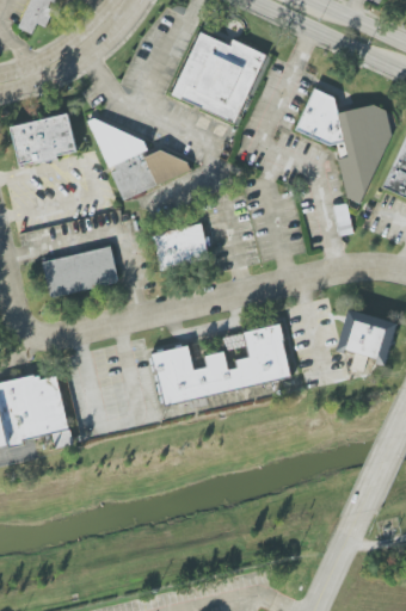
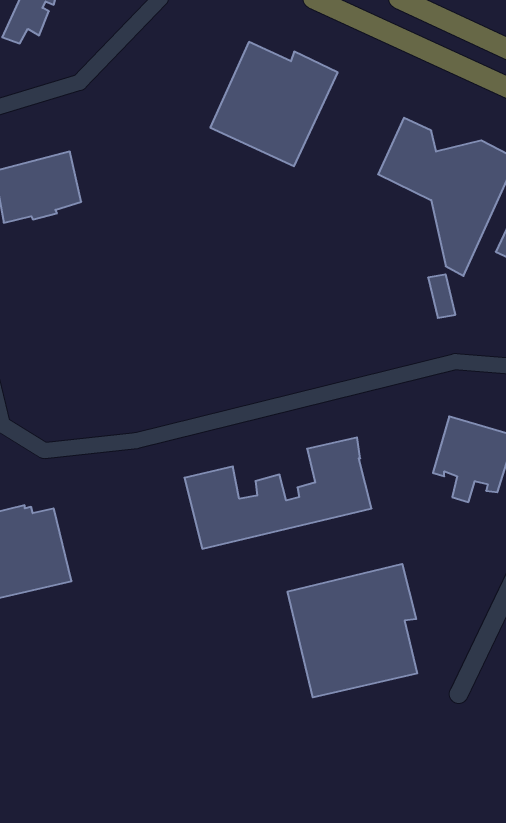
building: [87,117,191,199] -> none
building: [150,222,210,271] -> none
building: [42,246,119,298] -> none
building: none -> [288,564,417,697]

